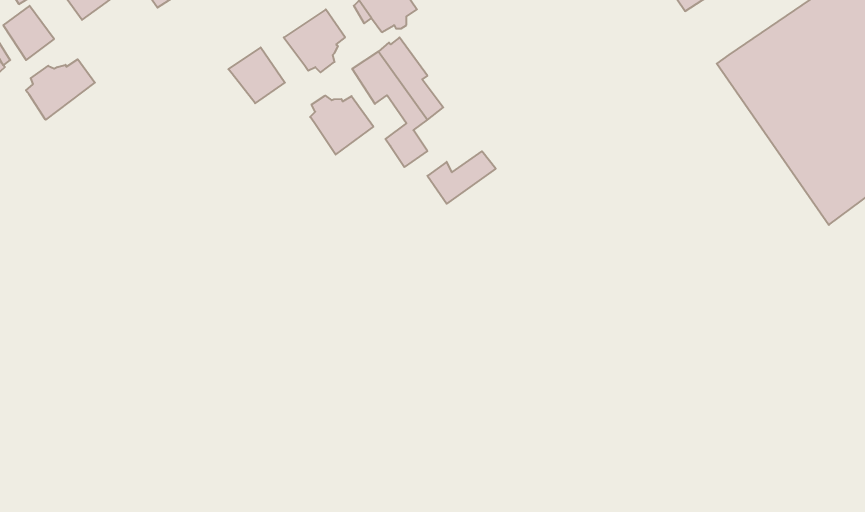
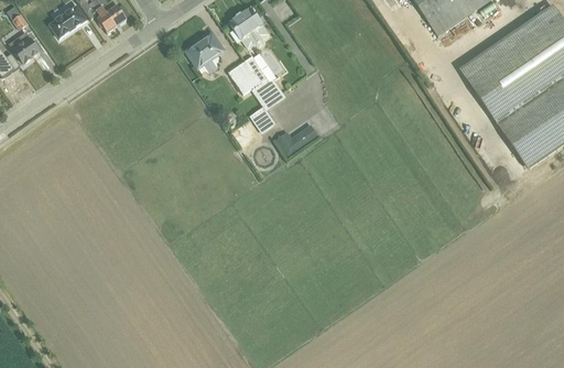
building: [228,47,285,103] -> none
building: [26,59,95,120] -> none
building: [310,96,373,155] -> none

